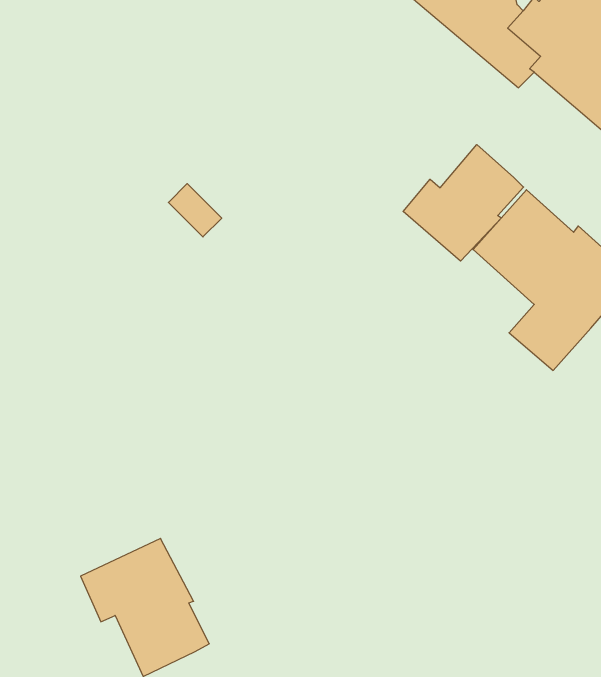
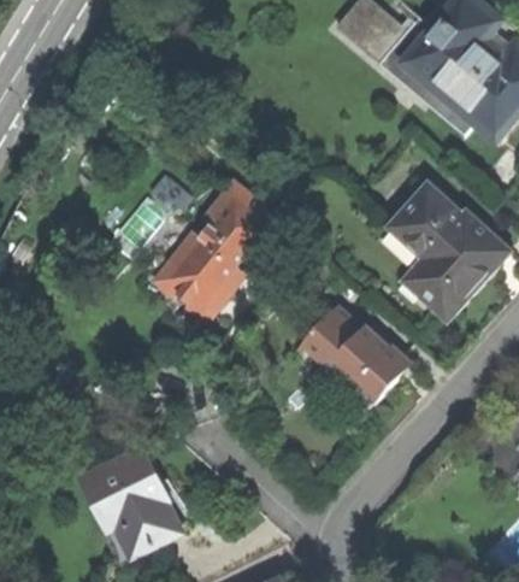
building: [403,145,524,261] -> none
building: none -> [155,182,279,314]
building: none -> [301,306,403,402]

